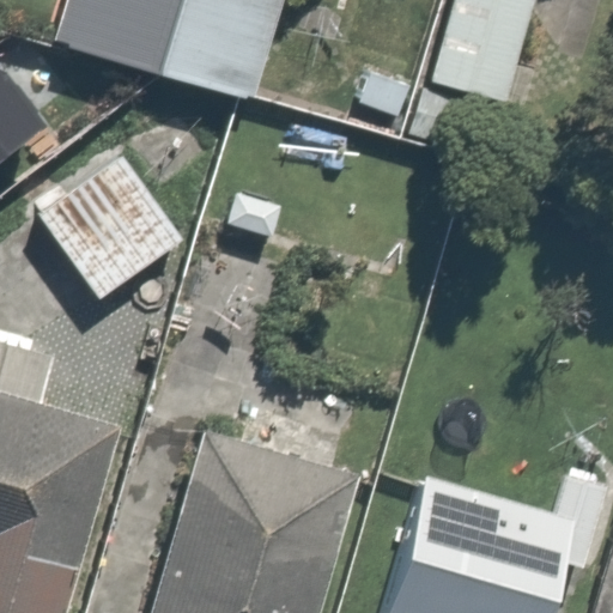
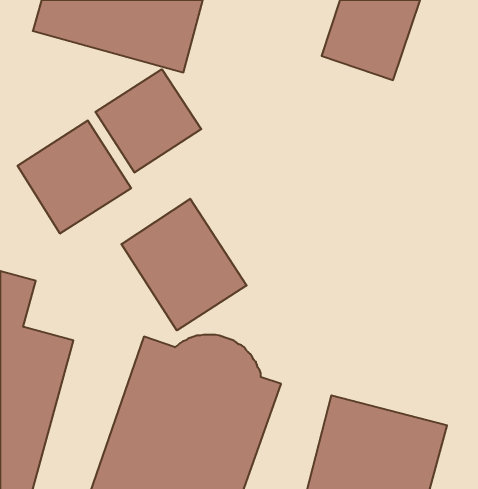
building: none -> [95,69,201,173]
building: none -> [121,199,247,330]

